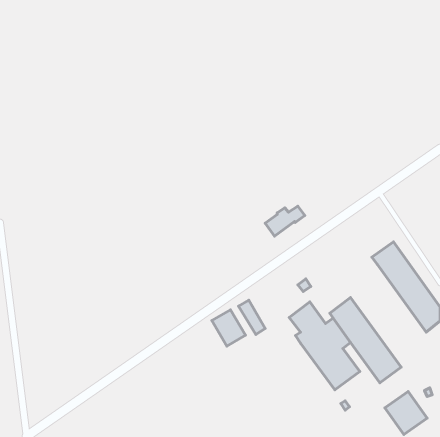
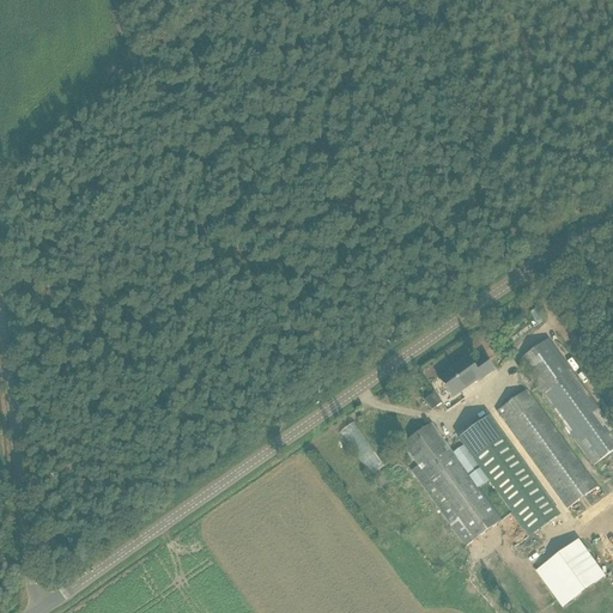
building: [265,206,305,236] -> [438,353,493,395]
building: none -> [497,387,596,505]
building: [212,310,245,346] -> none

